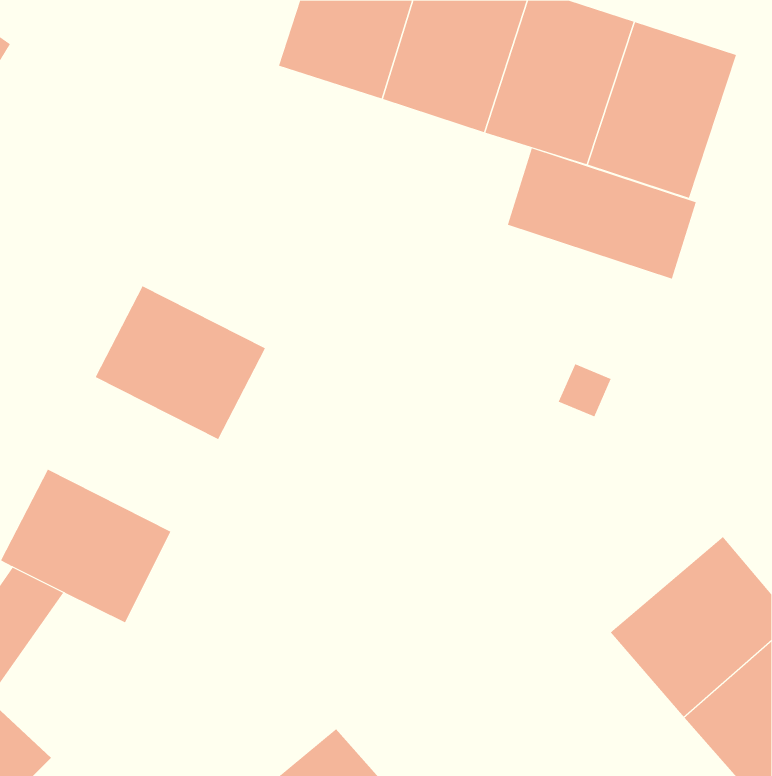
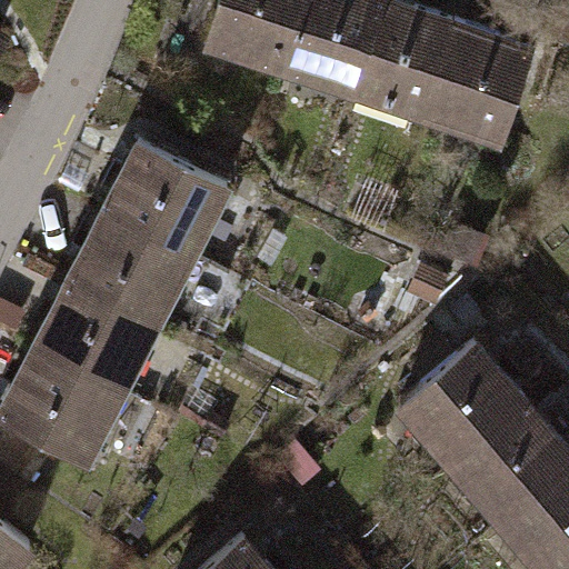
building: [507,148,696,279] -> none
building: none -> [103,144,228,257]
building: none -> [34,278,159,390]
building: none -> [396,338,526,463]

